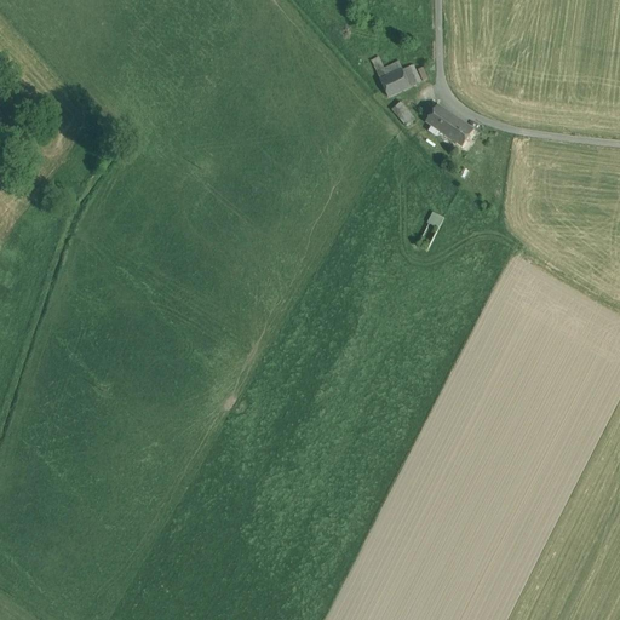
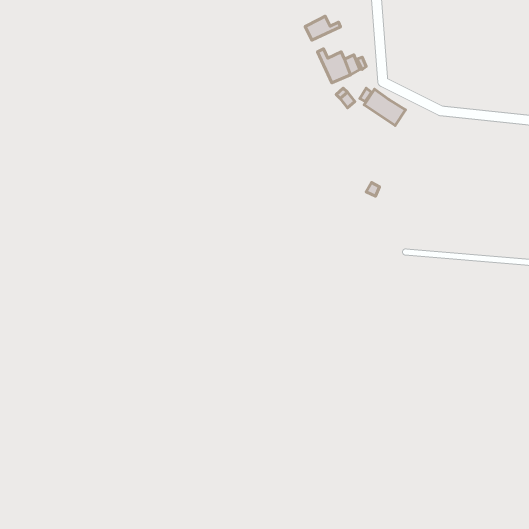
building: none -> [305,16,341,40]

